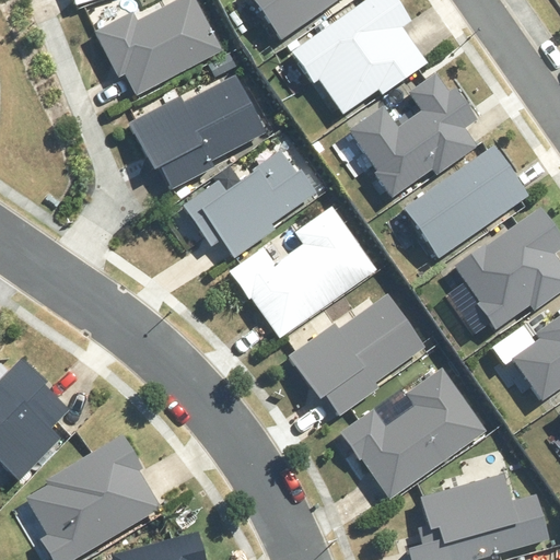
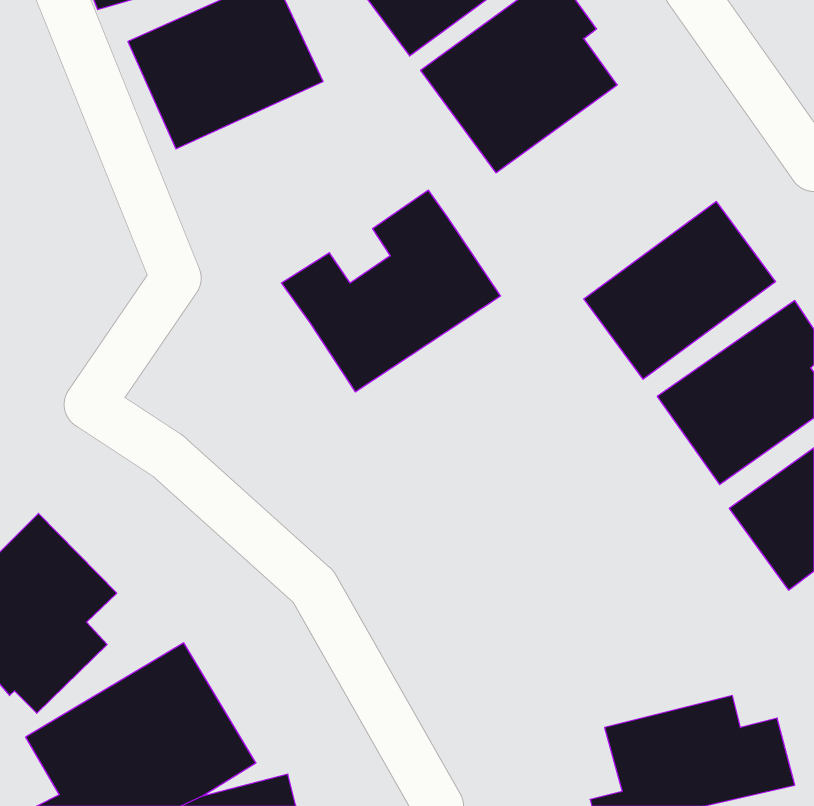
building: [128,69,265,185] -> none
building: [345,78,480,199] -> none
building: [241,213,385,340] -> none
building: [293,290,442,428] -> none
building: [345,373,482,501] -> none

